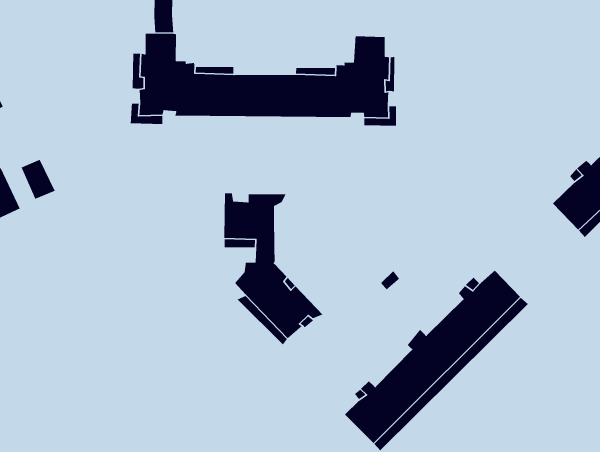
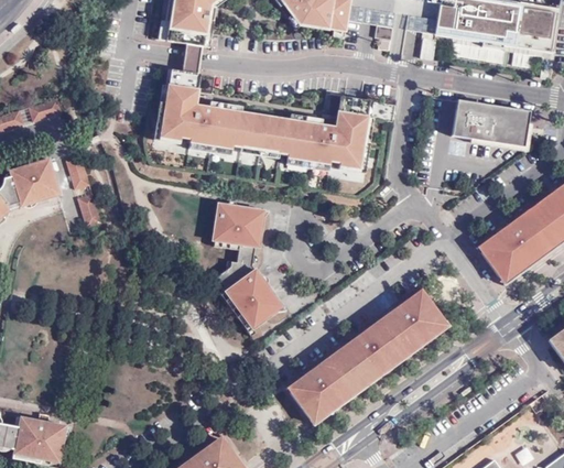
building: none -> [451,99,528,145]
building: none -> [74,192,98,224]

